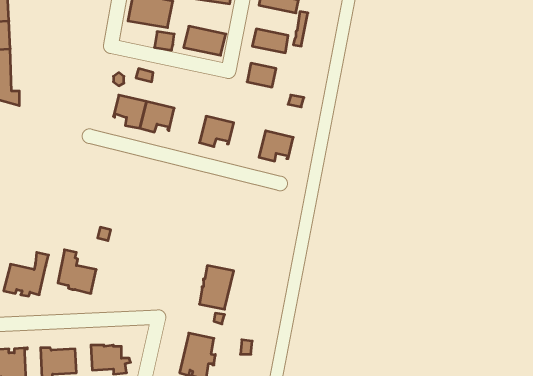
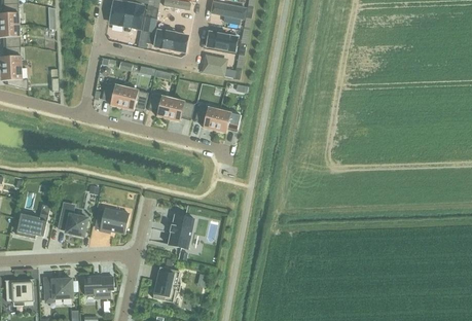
building: none -> [146,92,172,117]
building: none -> [192,103,218,129]
building: none -> [96,207,128,233]

